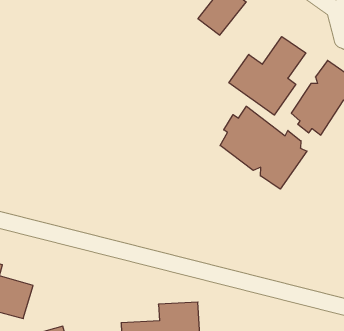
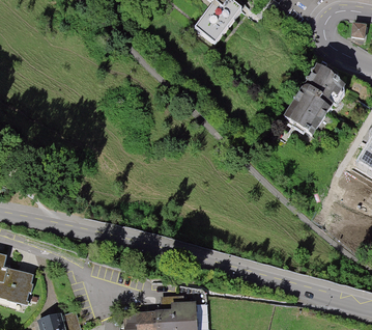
building: [229,37,306,115] -> none
building: [220,106,307,189] -> none

